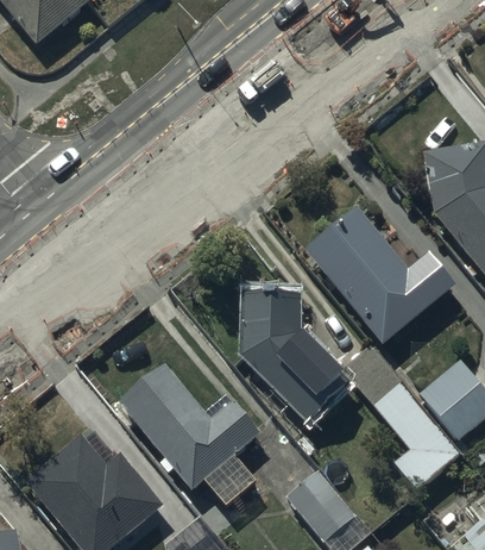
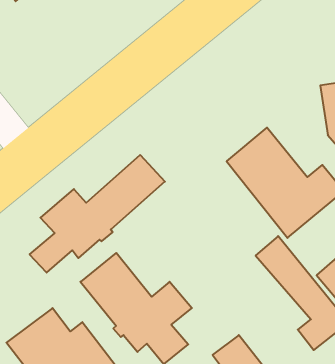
building: none -> [30,155,165,273]
building: [239,290,349,423] -> none

